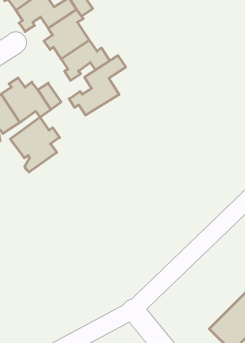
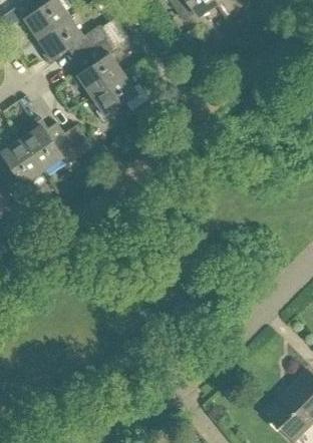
building: [69,56,126,115] -> none
building: [10,117,60,172] -> none

